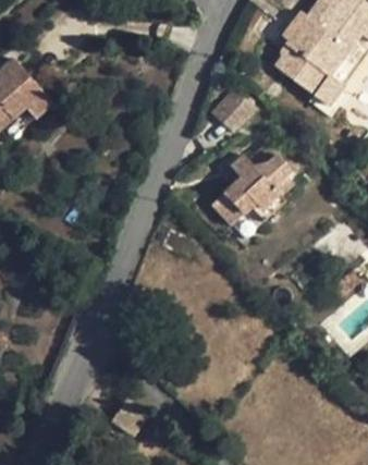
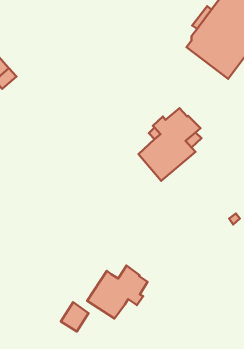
building: [211,88,256,134] -> none
building: none -> [87,265,148,318]

